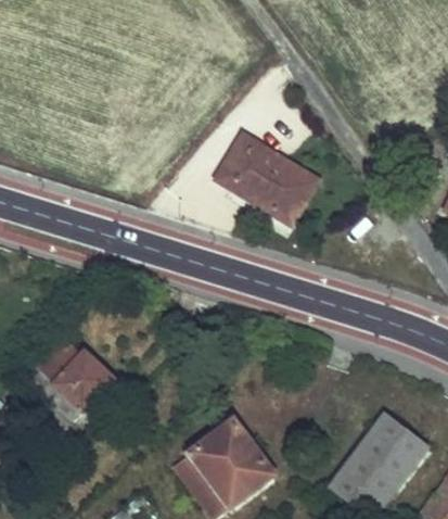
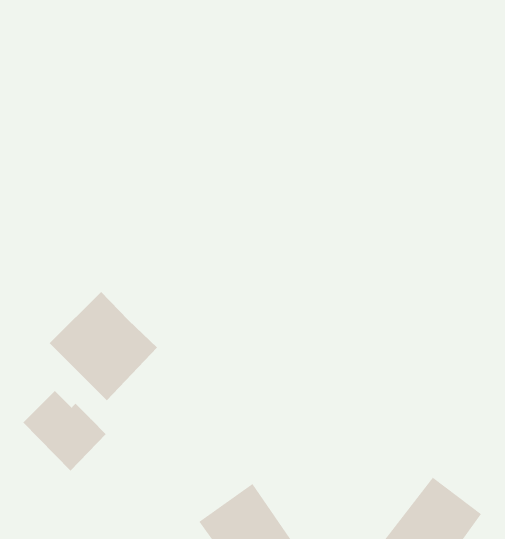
building: [217,134,317,221] -> none
building: none -> [49,291,158,401]

